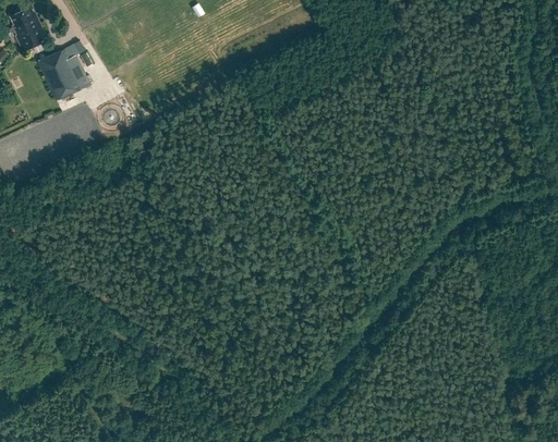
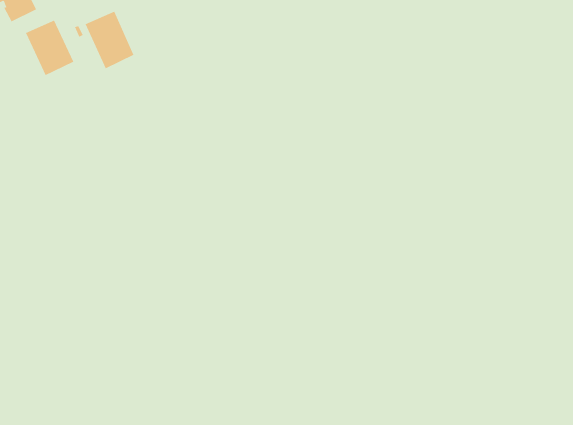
building: none -> [85,11,134,69]

